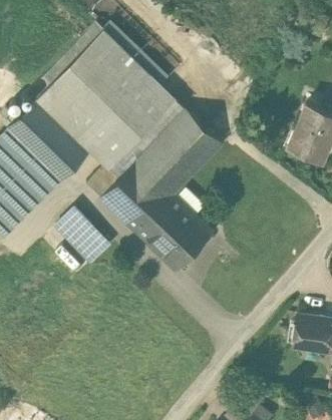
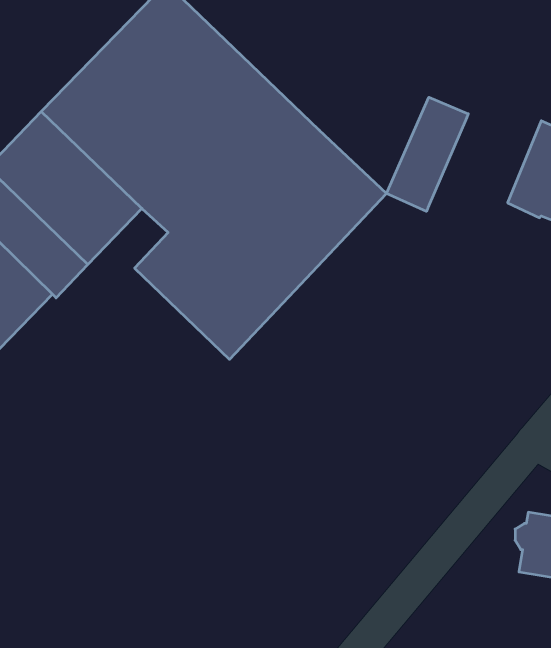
building: none -> [386,97,468,211]
building: [137,194,212,268] -> none
building: [56,207,103,256] -> none

